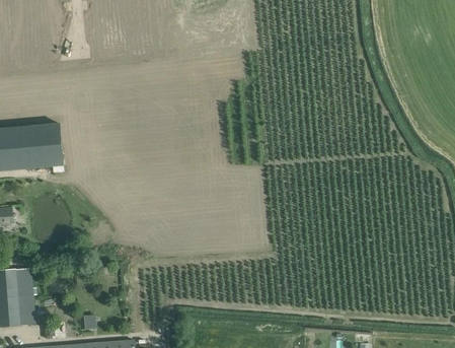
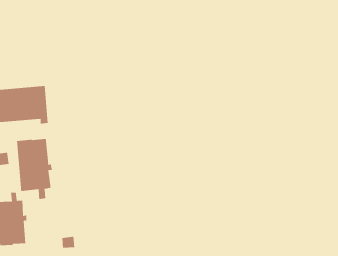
building: none -> [16,138,53,200]

